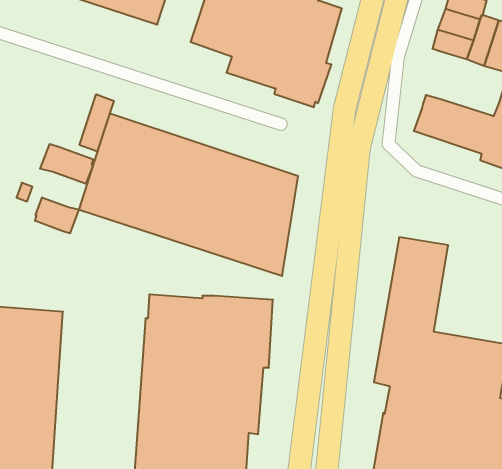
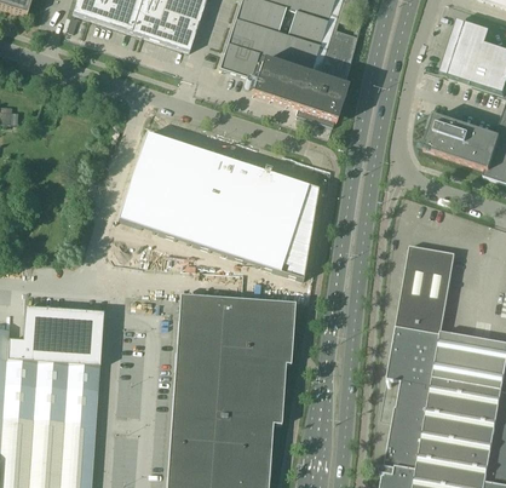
building: [80,94,114,152] -> none
building: [40,144,93,184] -> none
building: [35,197,79,233] -> none

